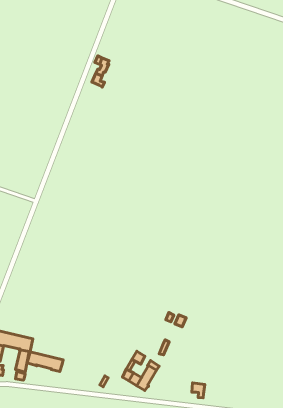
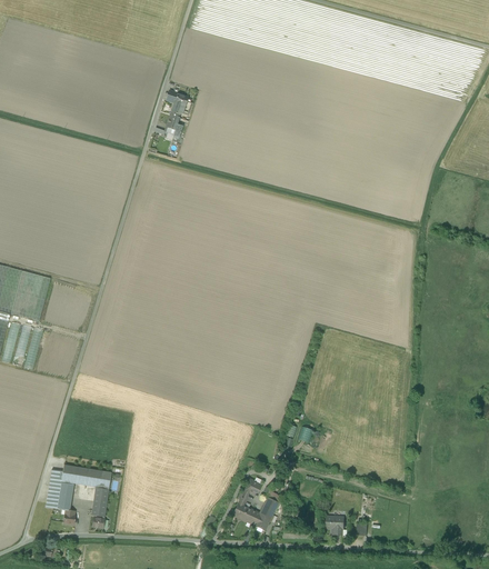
building: [27,352,63,371] -> none

